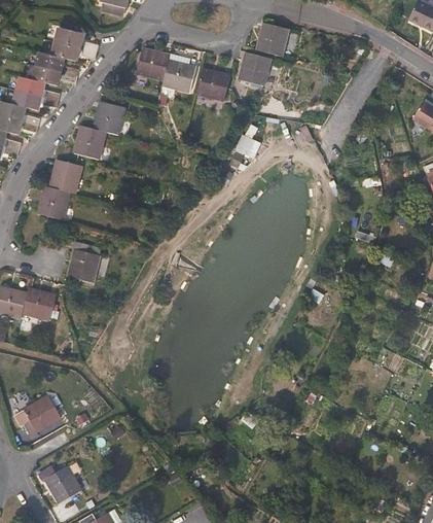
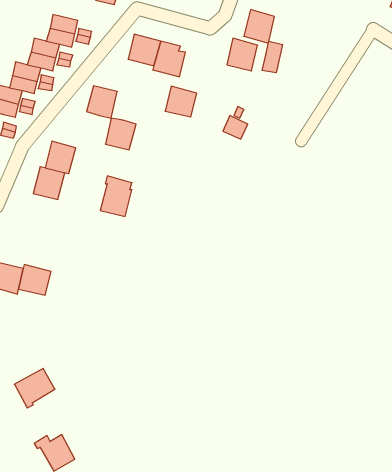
building: none -> [262,41,282,73]
building: [196,68,229,100] -> [165,86,197,117]
building: [74,126,106,159] -> [105,118,136,150]
building: [67,240,100,282] -> [100,176,132,216]

